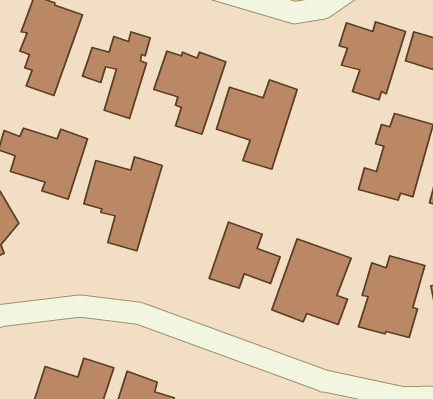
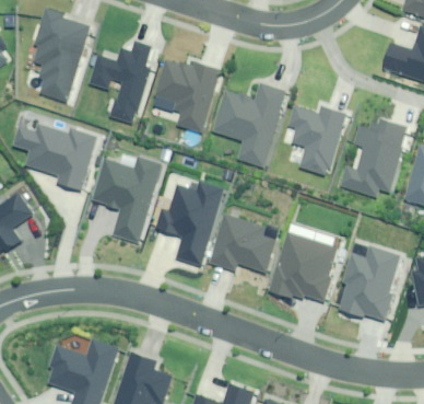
building: [339,22,405,100] -> [287,103,348,174]
building: none -> [156,181,226,265]

